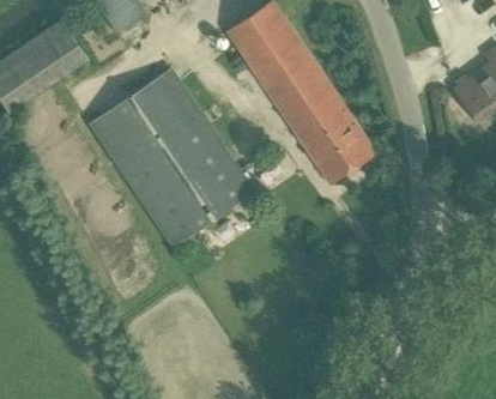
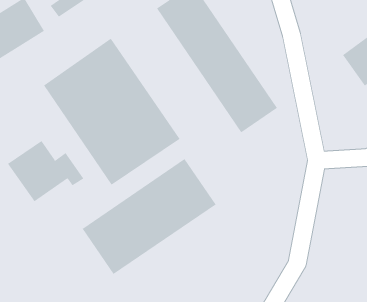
building: none -> [7,140,84,202]
building: none -> [82,158,216,275]

